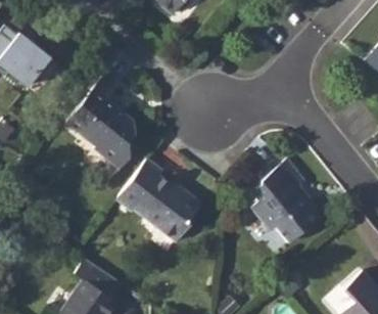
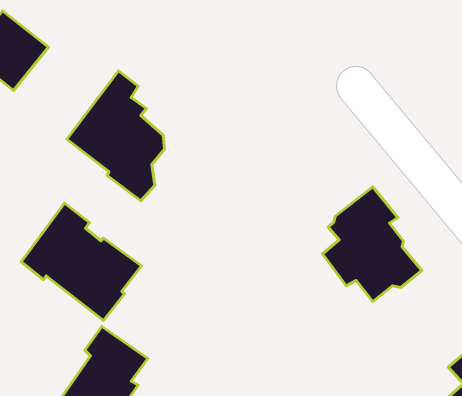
building: [115,155,203,241] -> [21,203,141,320]

